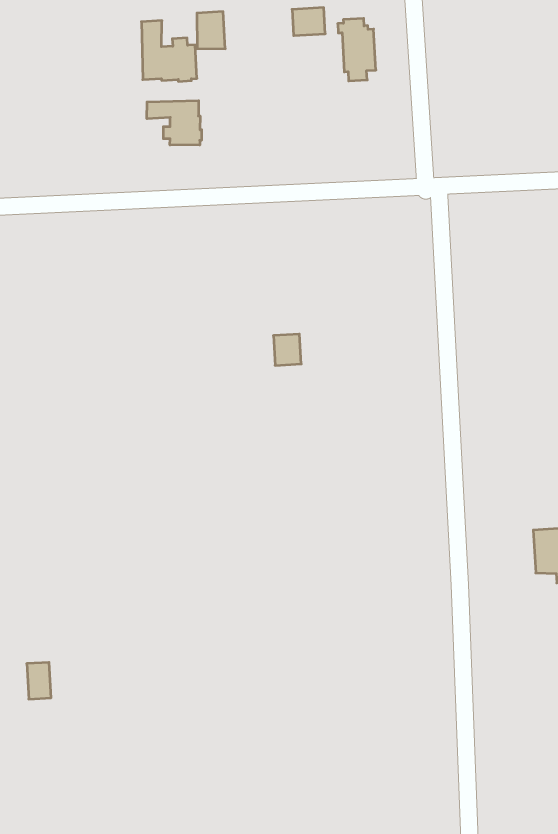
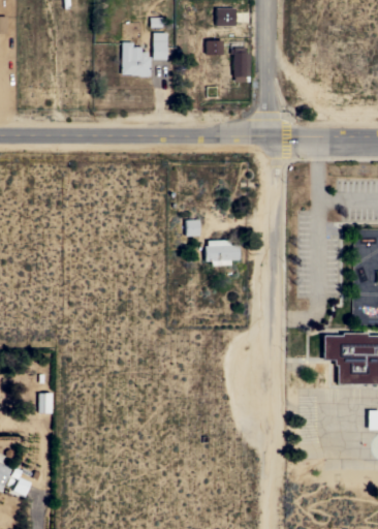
building: [147,101,202,145] -> none
building: none -> [206,239,241,266]

